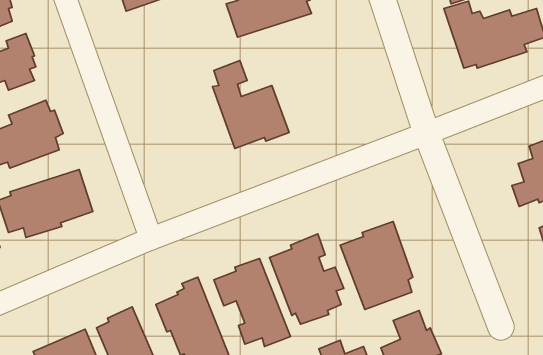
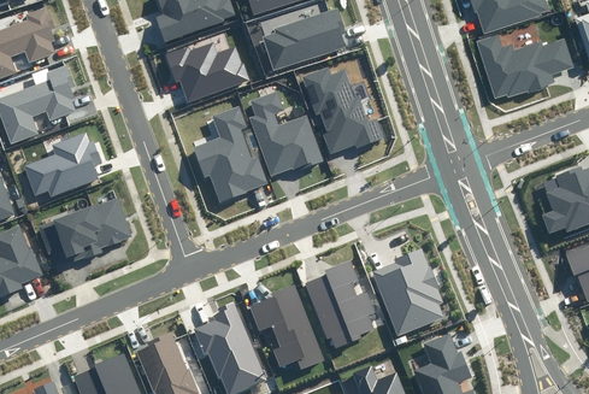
building: none -> [165,43,248,104]
building: none -> [300,65,382,154]
building: none -> [190,107,267,200]

